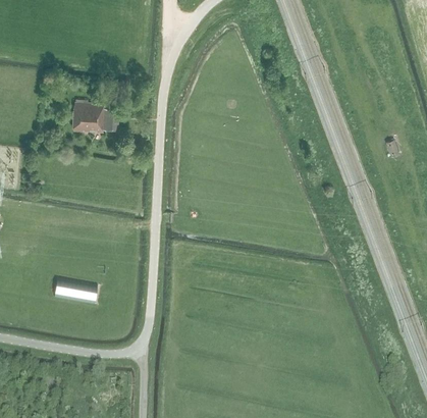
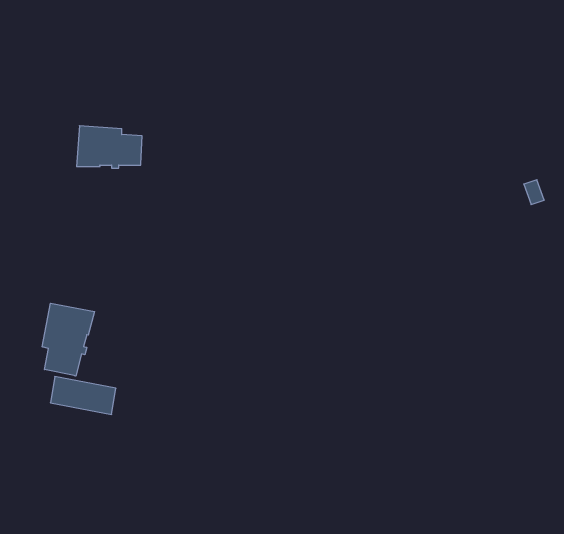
building: none -> [42,303,95,376]

